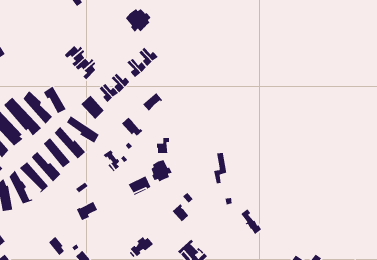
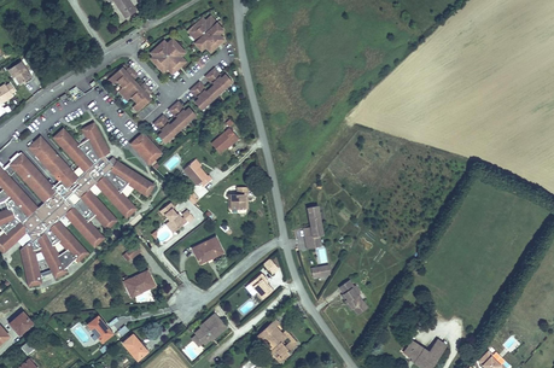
building: none -> [151,40,186,72]
building: [150,159,173,183] -> none

